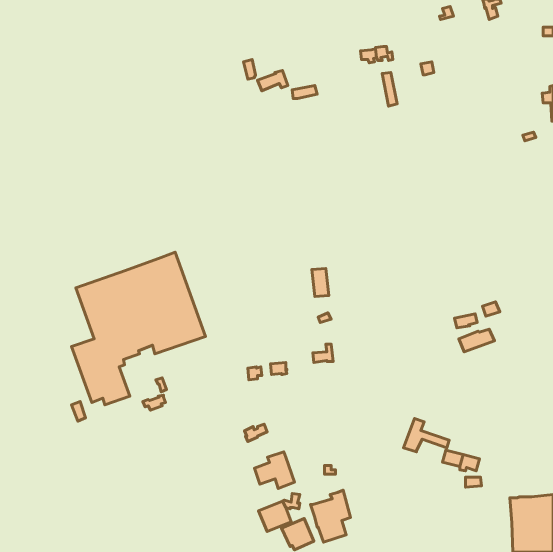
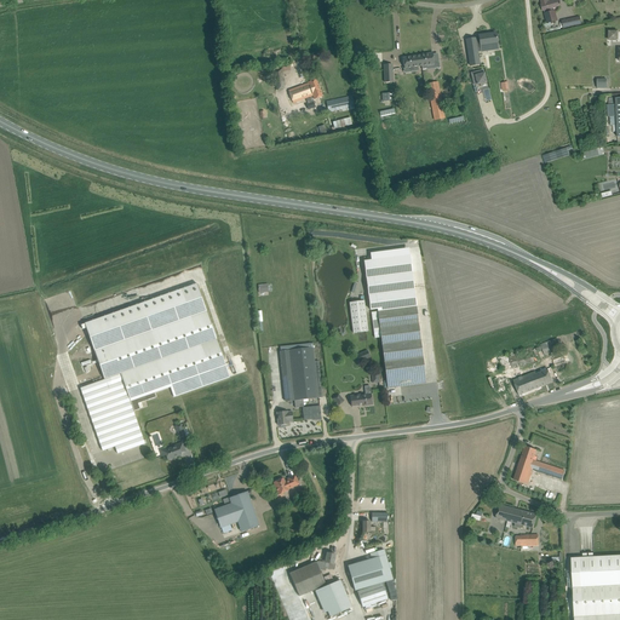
building: none -> [466,31,498,64]
building: none -> [364,254,426,388]
building: none -> [280,343,323,401]
building: [404,418,449,452] -> [513,446,564,483]
building: [254,452,294,489] -> [214,490,259,532]

